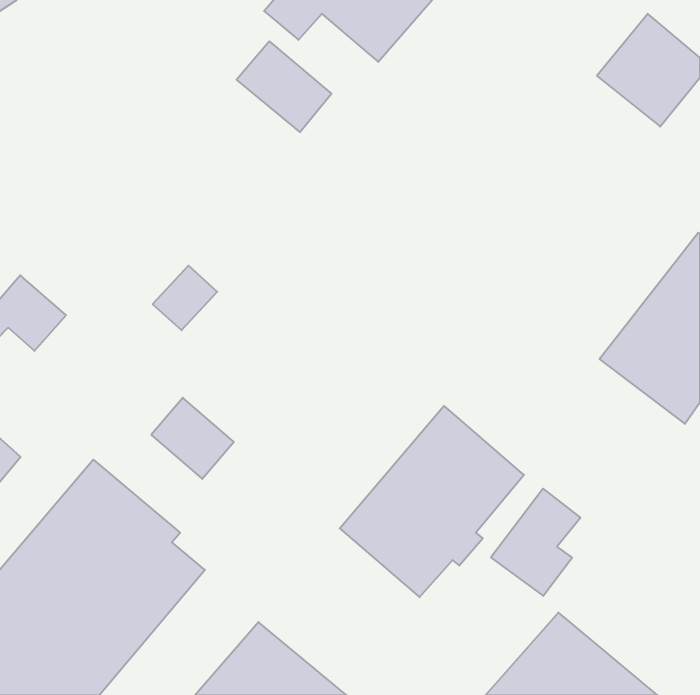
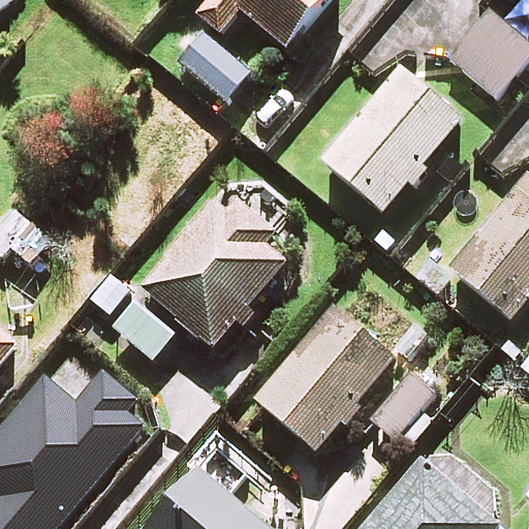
building: none -> [322,67,460,211]
building: none -> [138,195,284,343]

